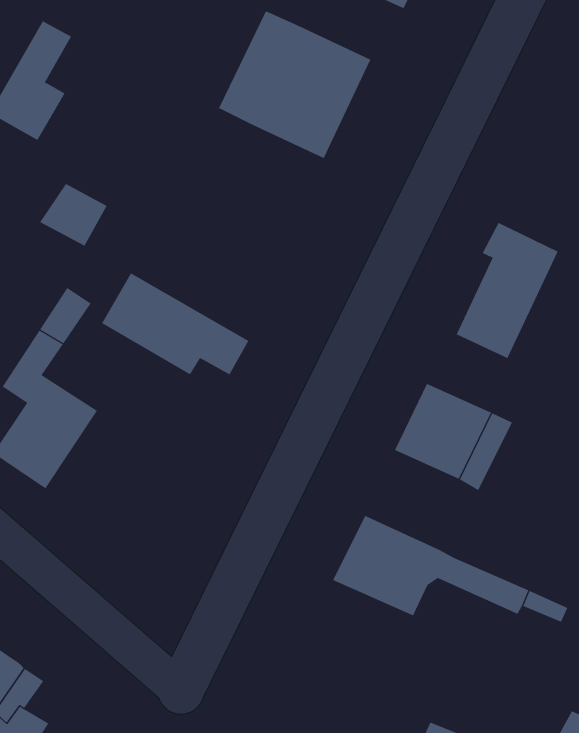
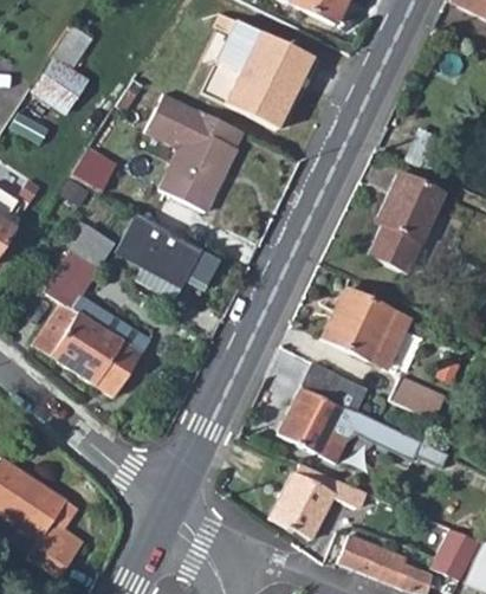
building: none -> [144,93,241,213]
building: none -> [73,311,150,394]
building: none -> [305,363,371,412]
building: none -> [393,375,448,420]
building: none -> [273,463,365,538]

